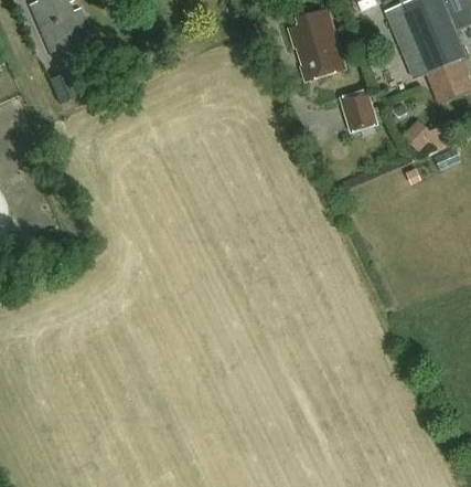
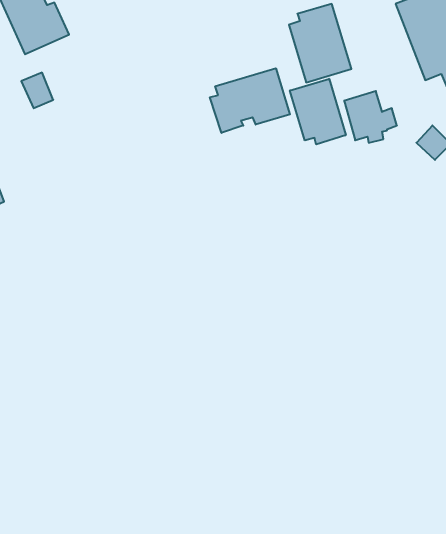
building: none -> [210,68,290,133]
building: none -> [290,79,346,144]

